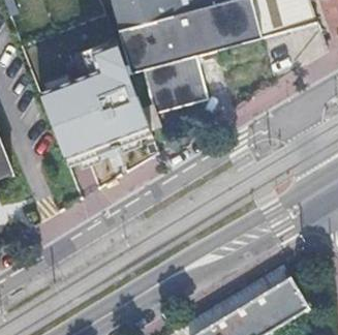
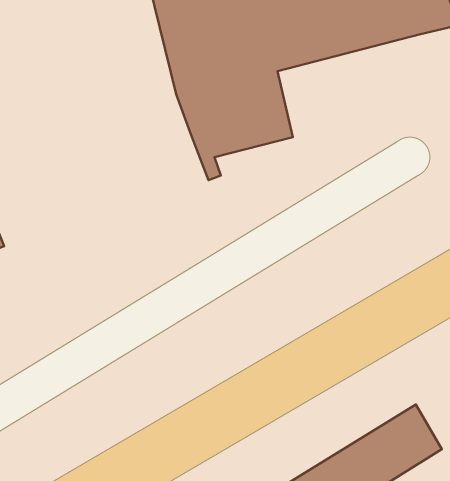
building: [40,42,149,161] -> none

